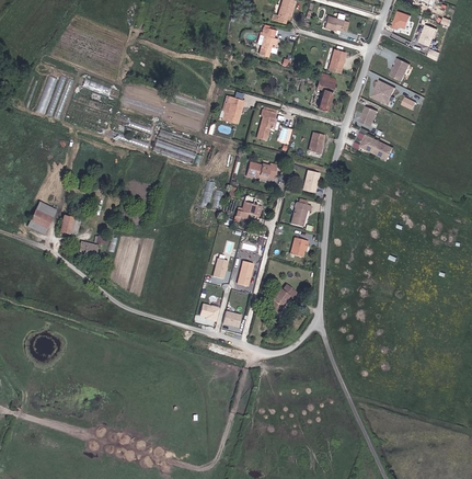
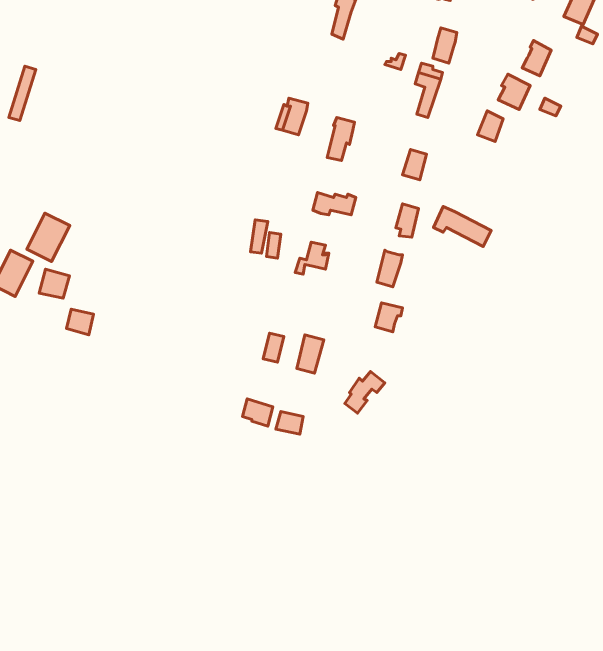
building: [353,133,392,160] -> [434,207,491,247]
building: none -> [27,213,70,262]

